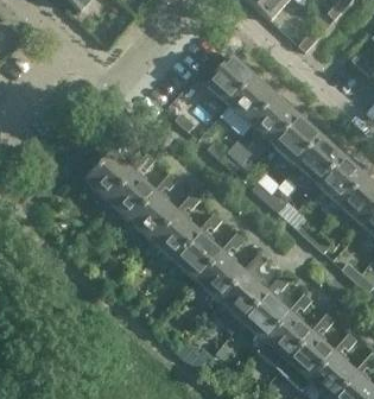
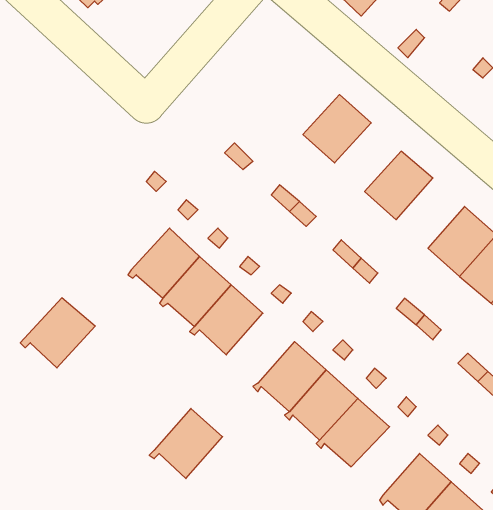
building: [207,55,256,104] -> none
building: [253,96,300,145] -> none
building: [297,135,346,185] -> none
building: [82,151,135,201] -> [20,298,95,368]
building: [172,232,224,281] -> [149,408,223,479]
building: [262,312,313,361] -> none

